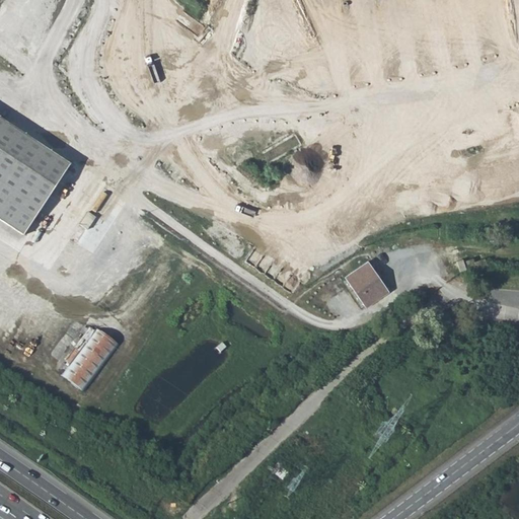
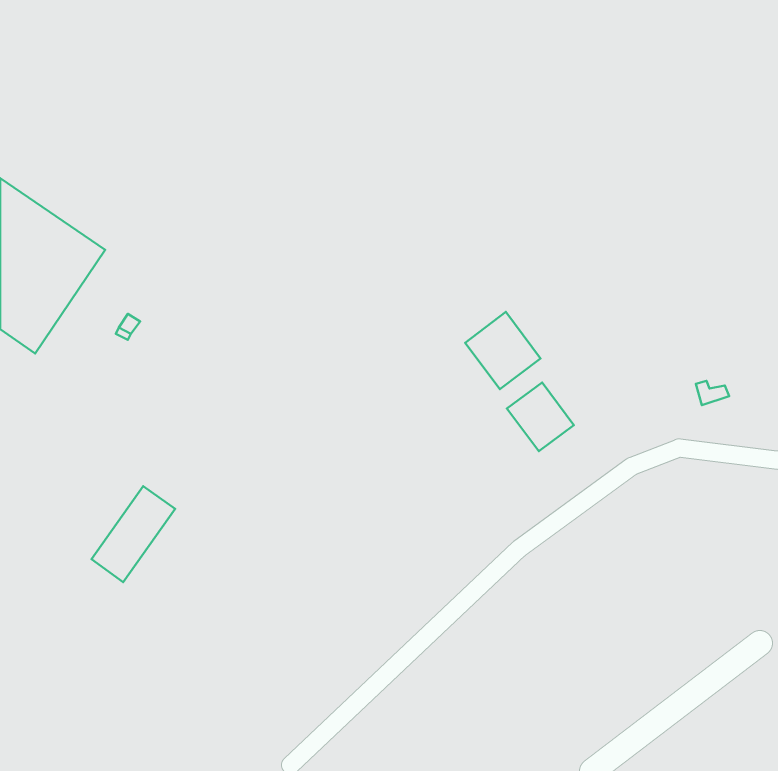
building: none -> [465,312,540,389]

